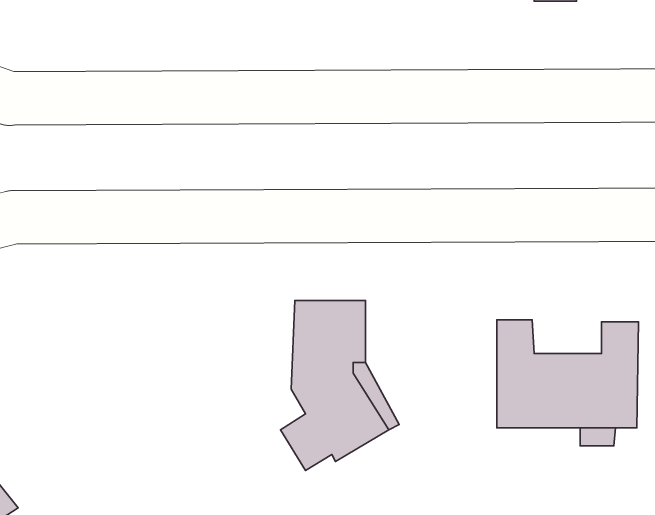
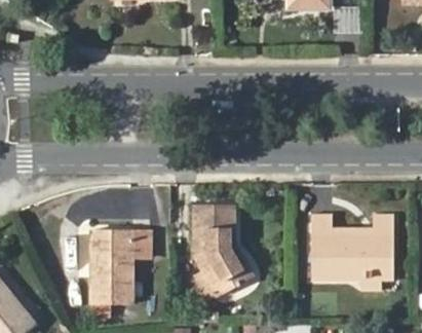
building: none -> [90,228,147,303]

